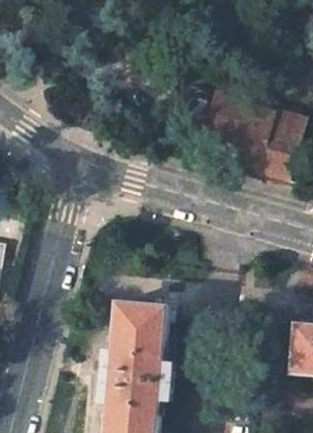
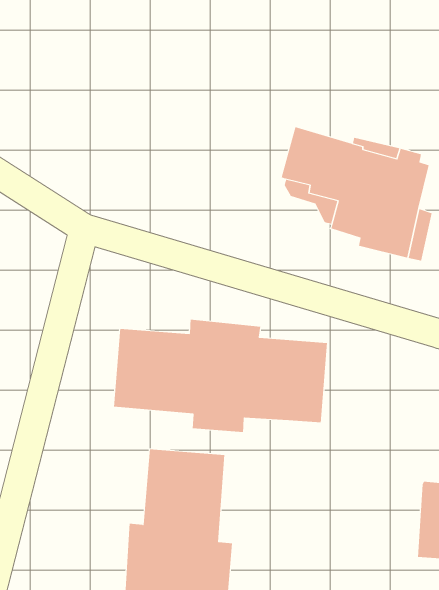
building: none -> [114,319,327,433]

